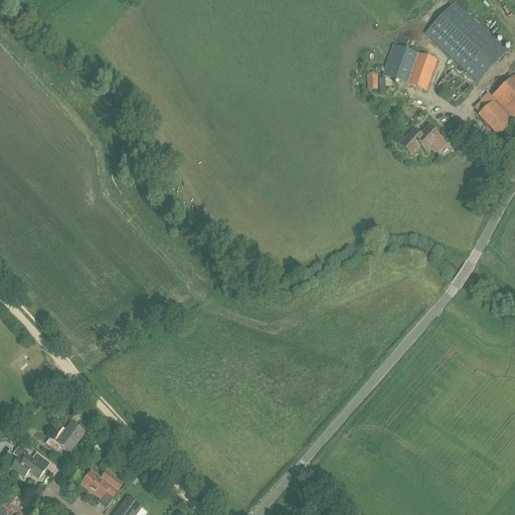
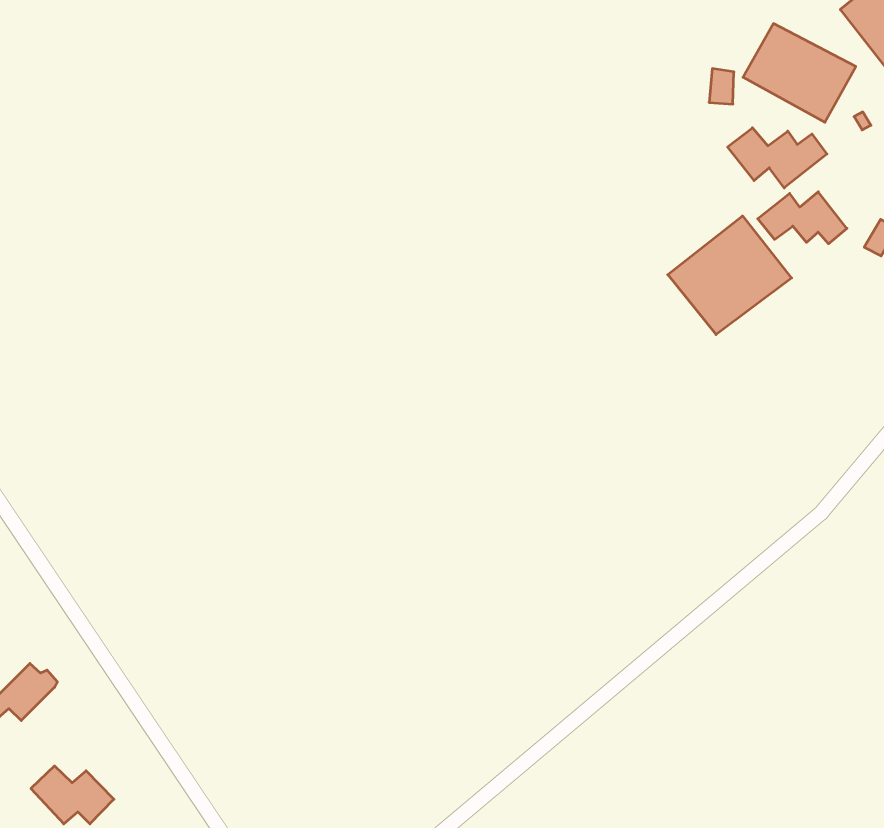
building: none -> [728,128,827,188]
building: none -> [668,216,792,335]

